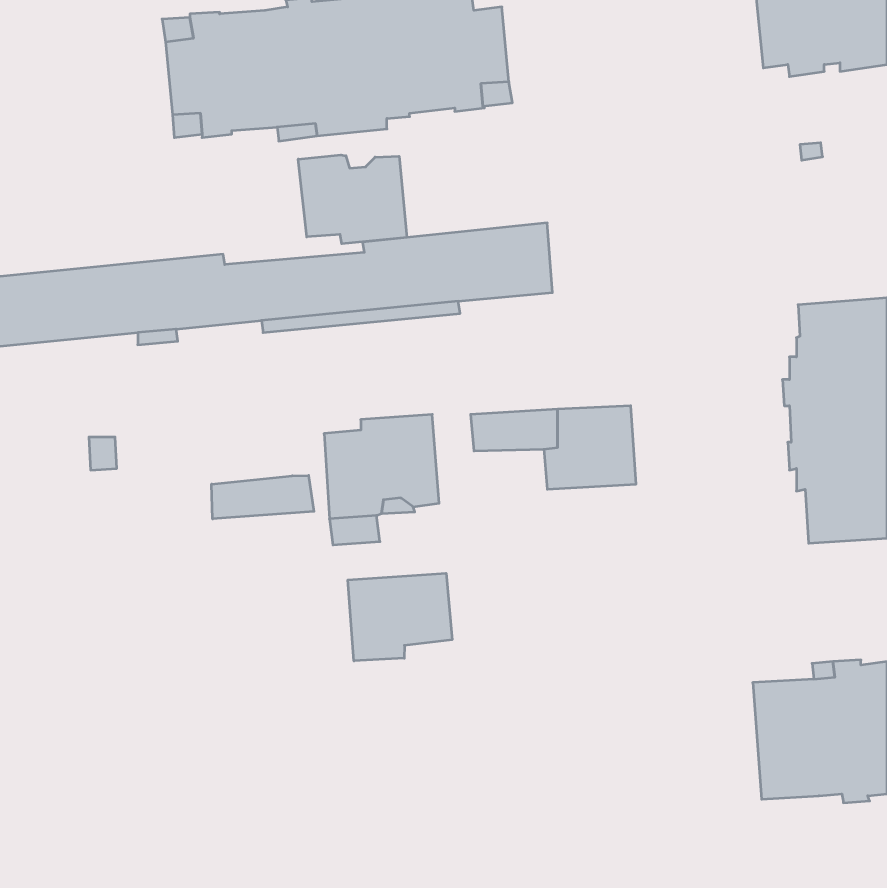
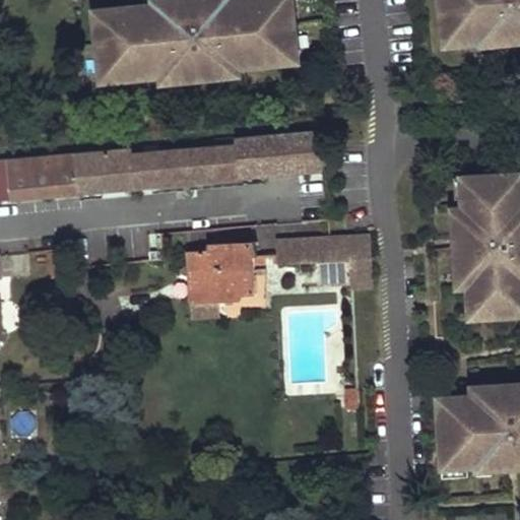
building: [298,155,407,244] -> none
building: [212,475,314,519] -> none
building: [348,573,452,661] -> none

